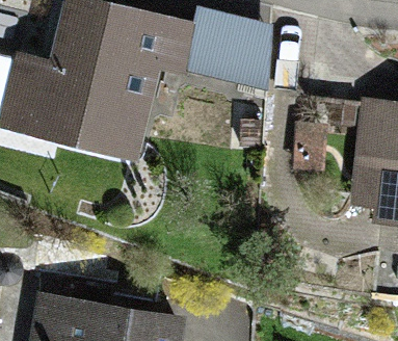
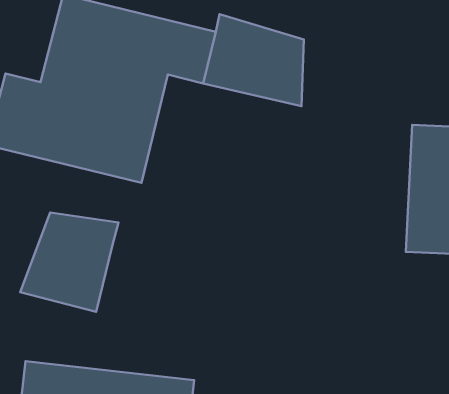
building: none -> [20,212,118,312]

